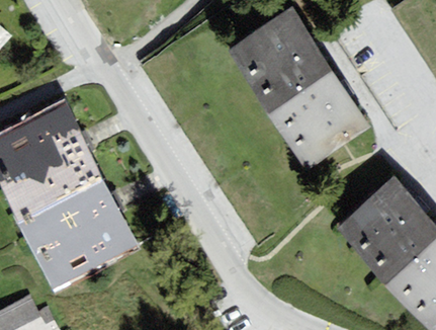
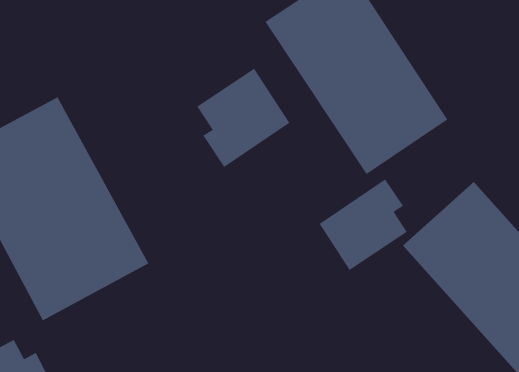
building: none -> [196,68,290,168]
building: none -> [319,178,408,271]

